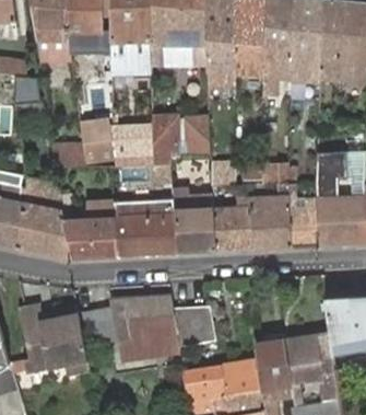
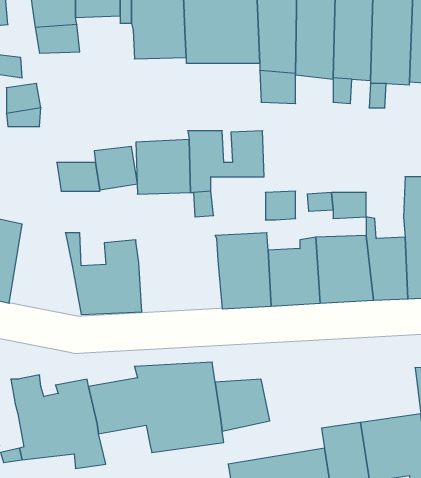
building: [16,176,71,258] -> none
building: [113,200,178,256] -> none

